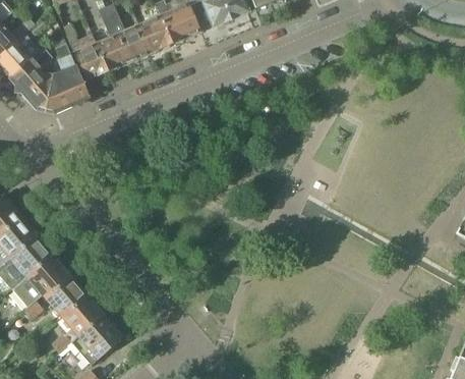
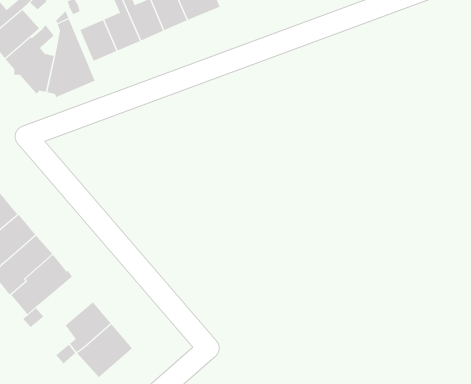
building: [43,273,88,317] -> none

